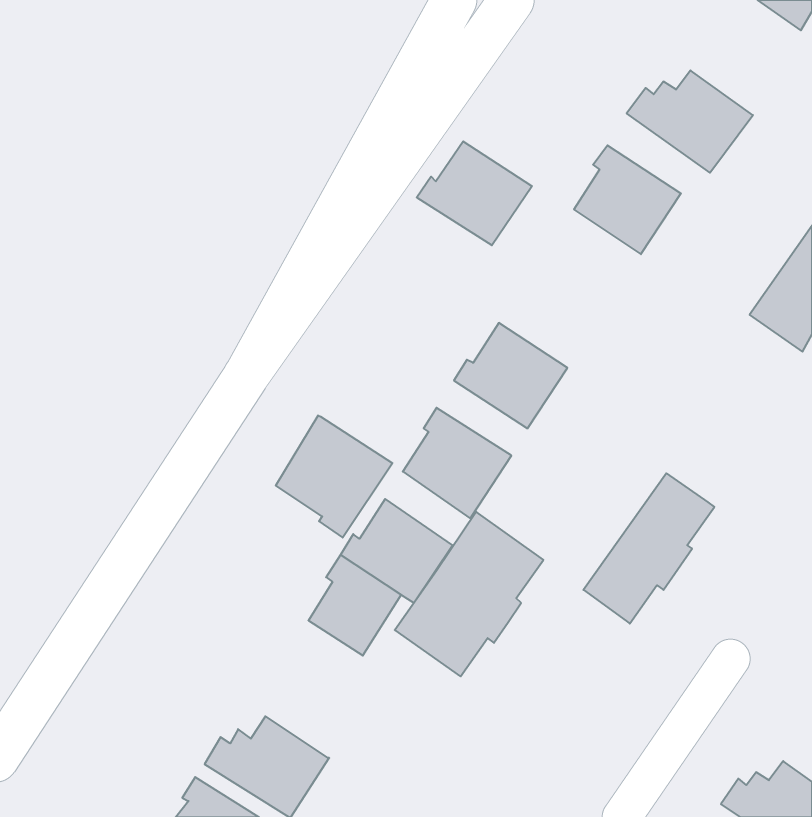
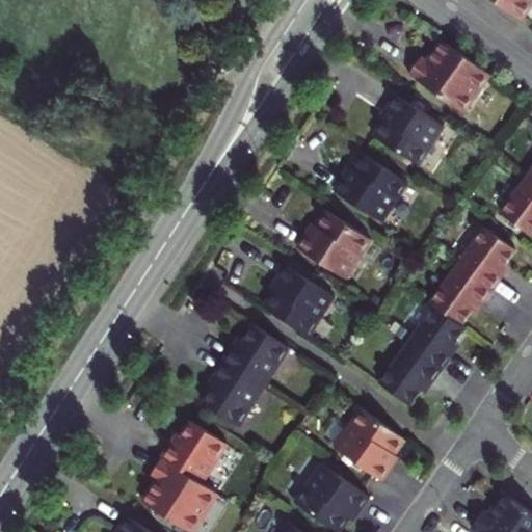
building: [417,141,532,245] -> [331,154,406,221]
building: none -> [429,228,514,326]
building: [276,415,392,538] -> none
building: [395,512,543,676] -> [300,417,397,524]
building: none -> [158,429,239,493]

